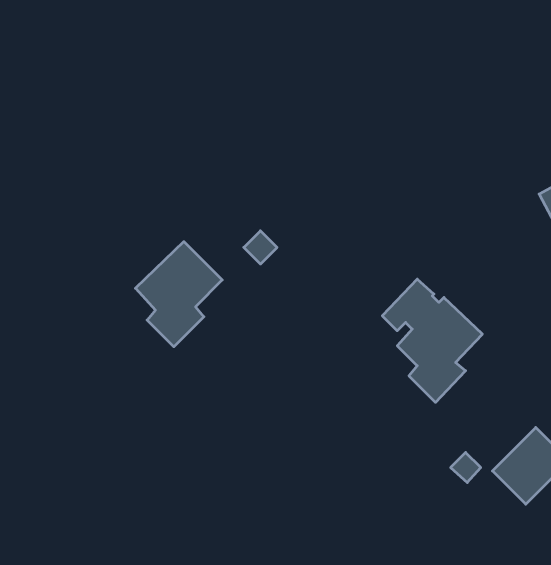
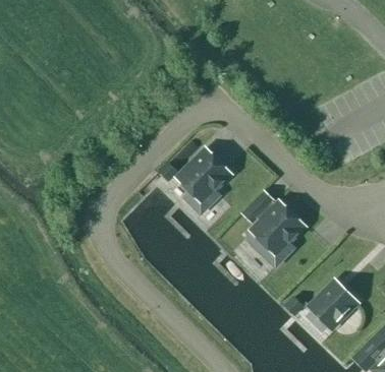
building: [135,242,222,347] -> [178,150,231,214]

